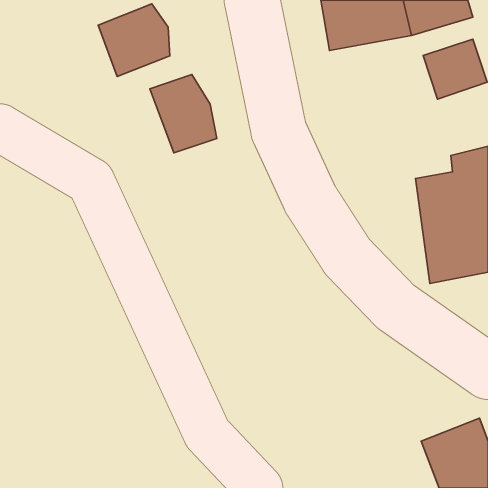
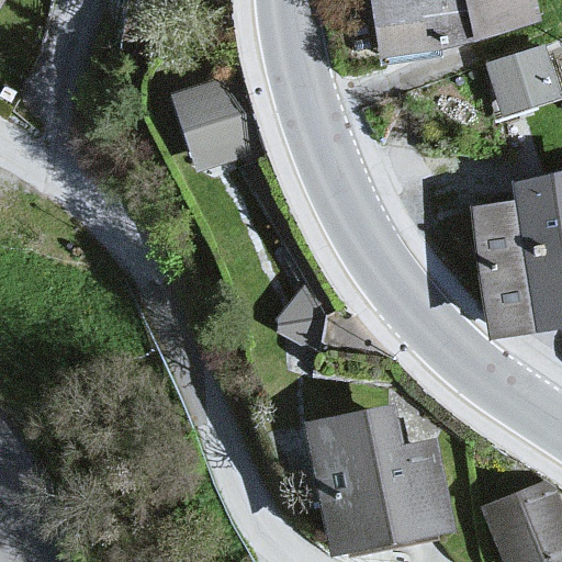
building: [98,4,170,77] -> none
building: none -> [307,406,452,552]

